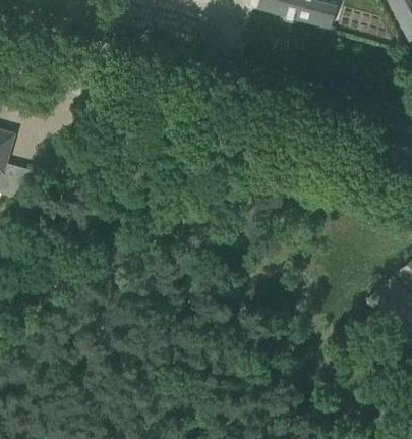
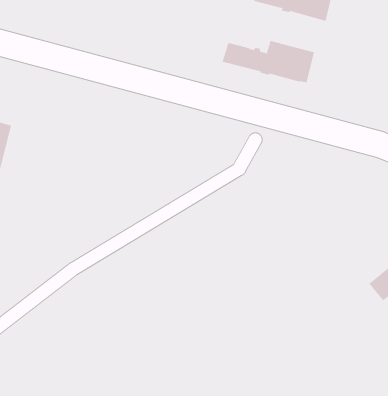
building: none -> [222,40,314,83]

